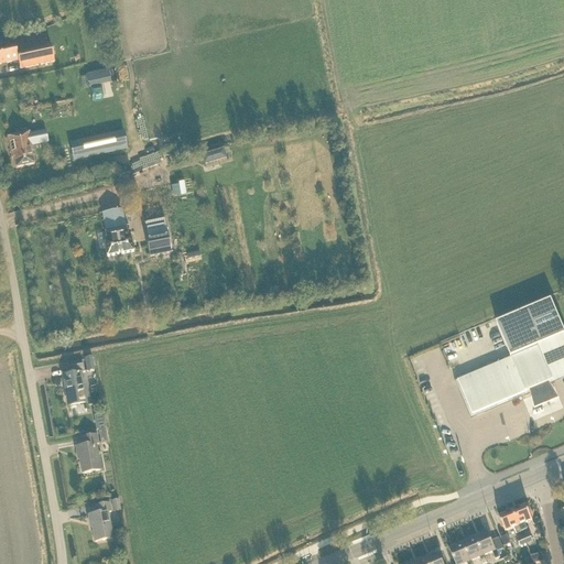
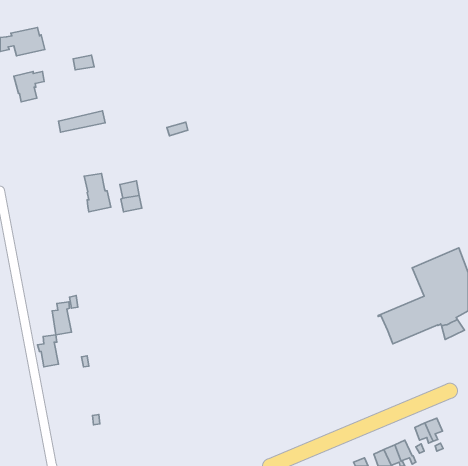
building: [7,130,43,166] -> [14,72,44,102]
building: [75,433,100,471] -> [38,335,59,367]
building: [88,501,112,540] -> none

